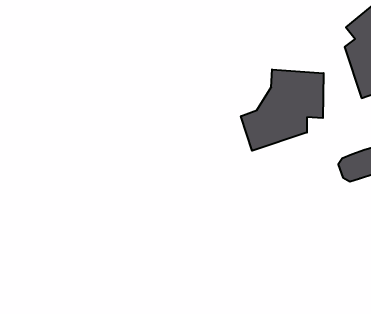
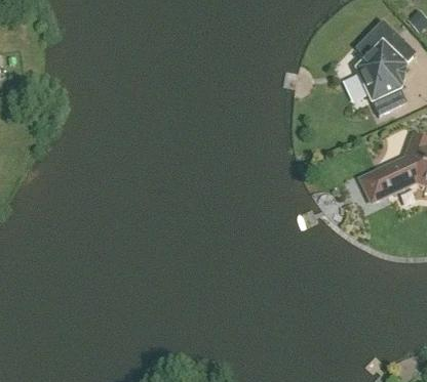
building: [241,69,324,151] -> none

